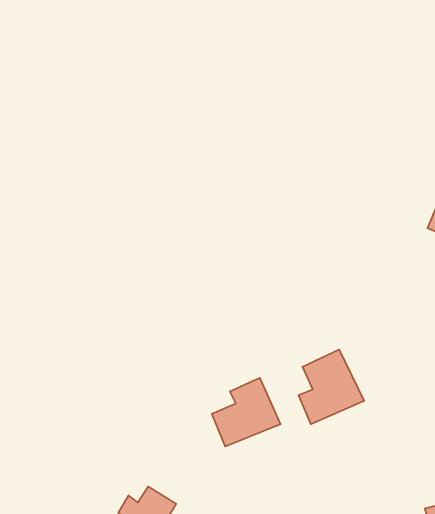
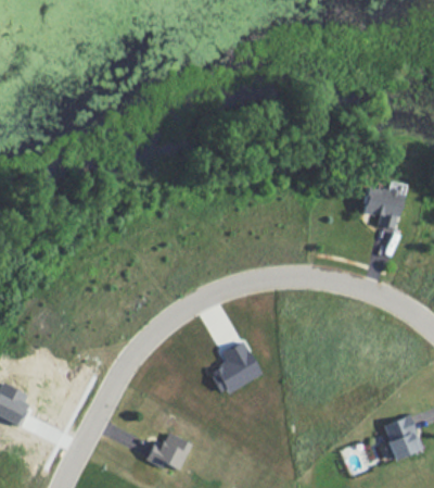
building: [299,350,364,424] -> none

